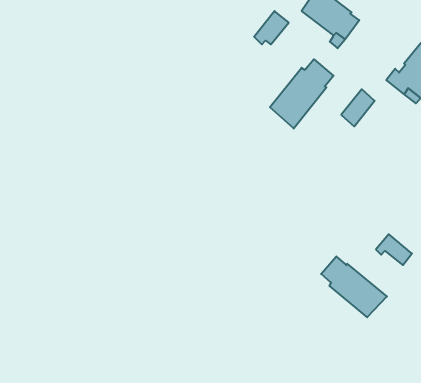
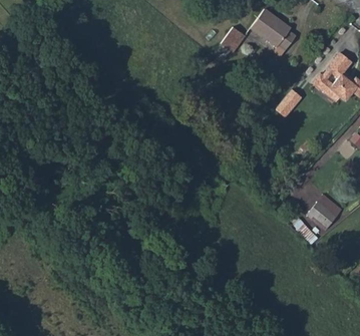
building: [270,59,334,129] -> none
building: [321,256,387,317] -> none

